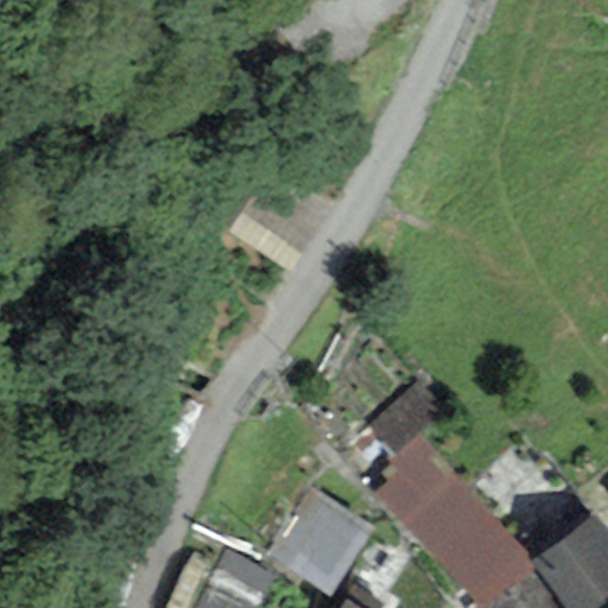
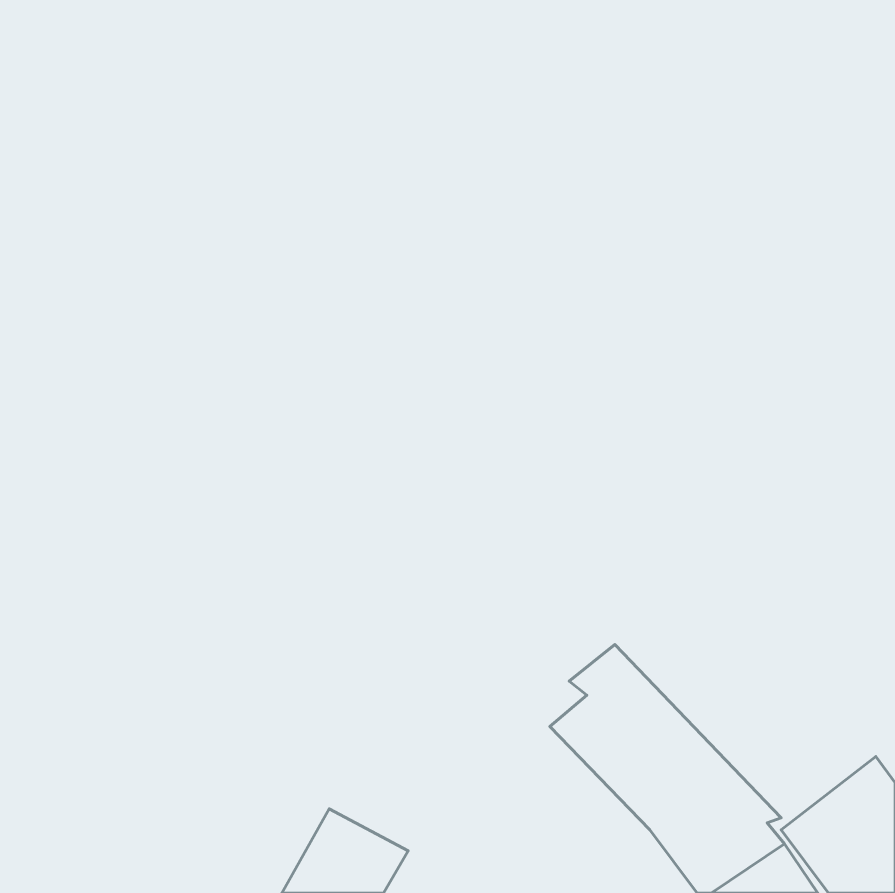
building: [267,486,374,595] -> none

